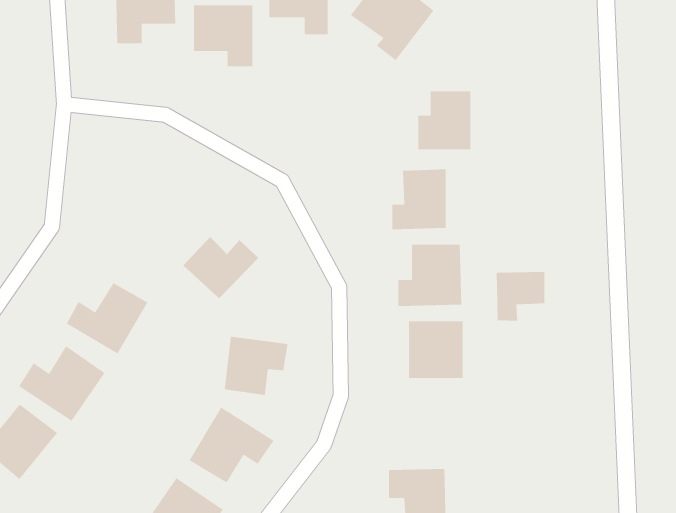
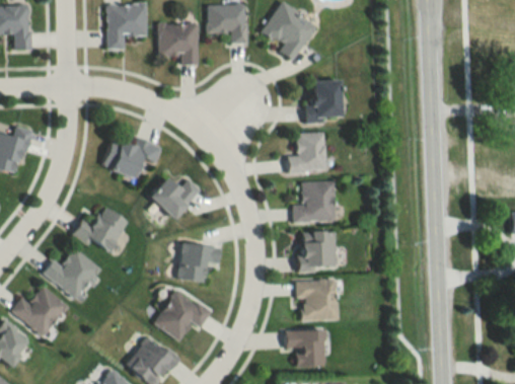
building: none -> [102,138,160,178]
building: [496,271,545,321] -> none
building: none -> [295,280,337,320]

